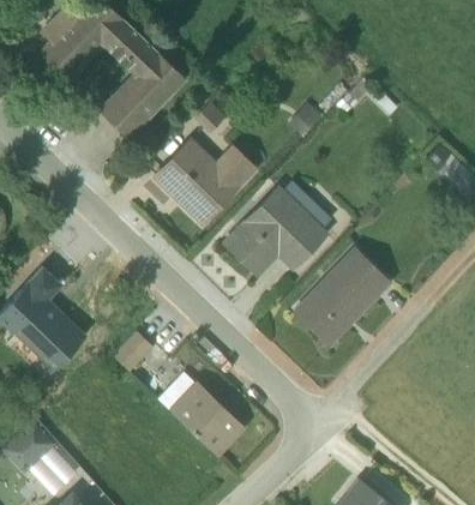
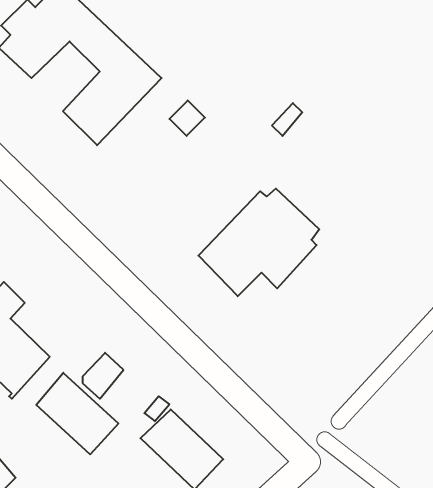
building: [151,136,257,224] -> none
building: [294,247,390,344] -> none
building: none -> [36,373,118,454]

